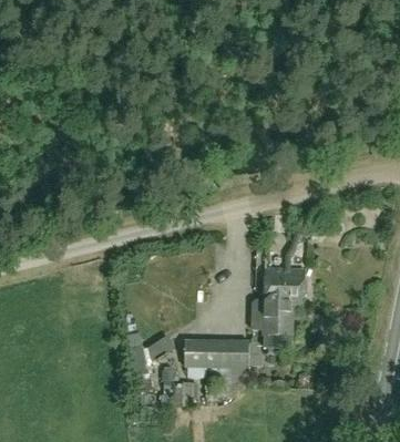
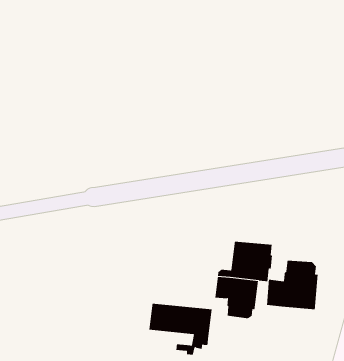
building: none -> [267,260,318,310]

